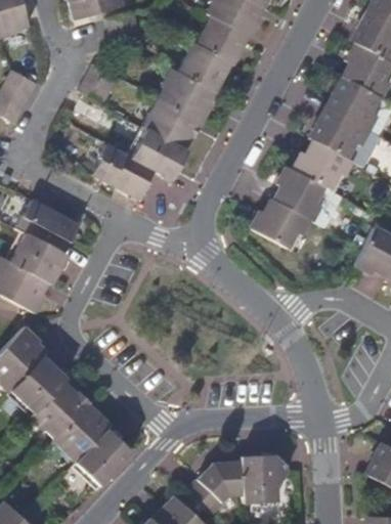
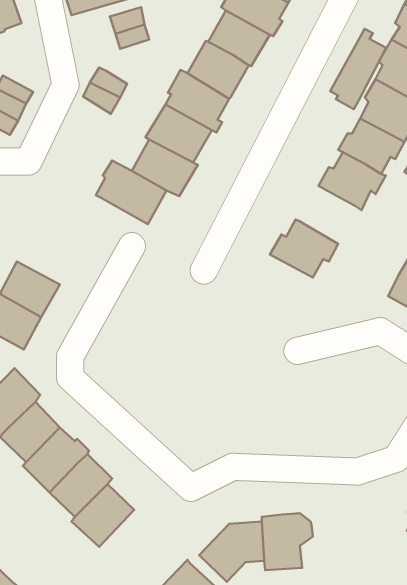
building: none -> [330,29,386,109]
building: [274,164,323,220] -> none
building: [15,201,80,255] -> none

